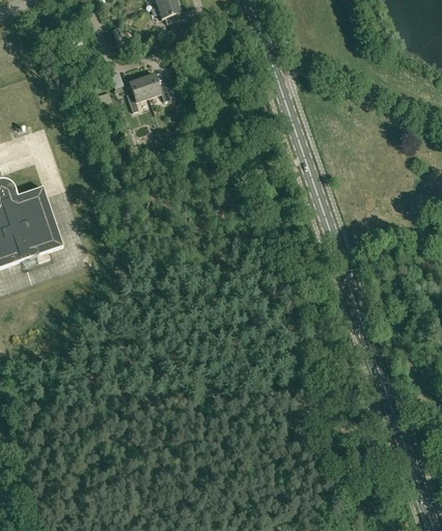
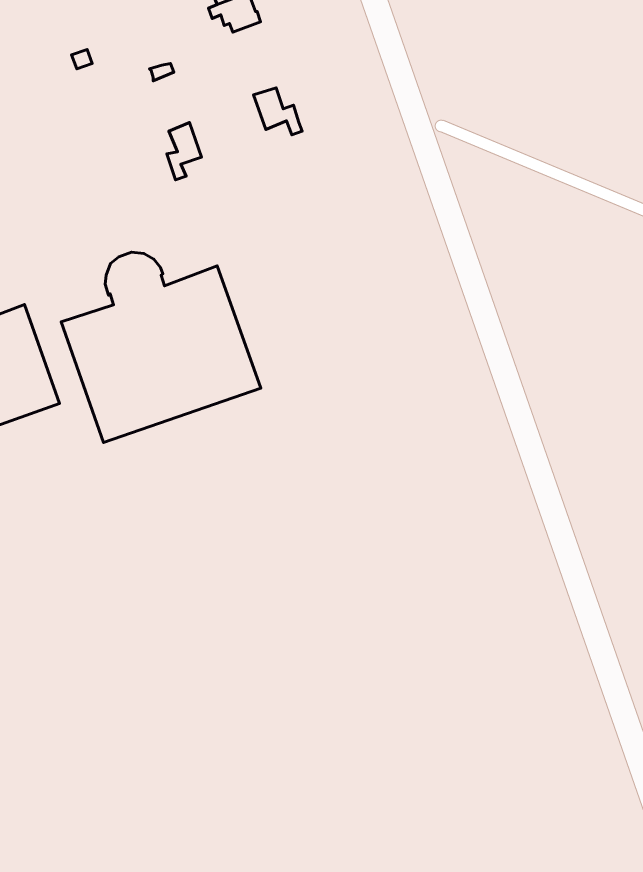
building: [141,72,170,100] -> [254,88,302,135]
building: none -> [61,252,261,443]

